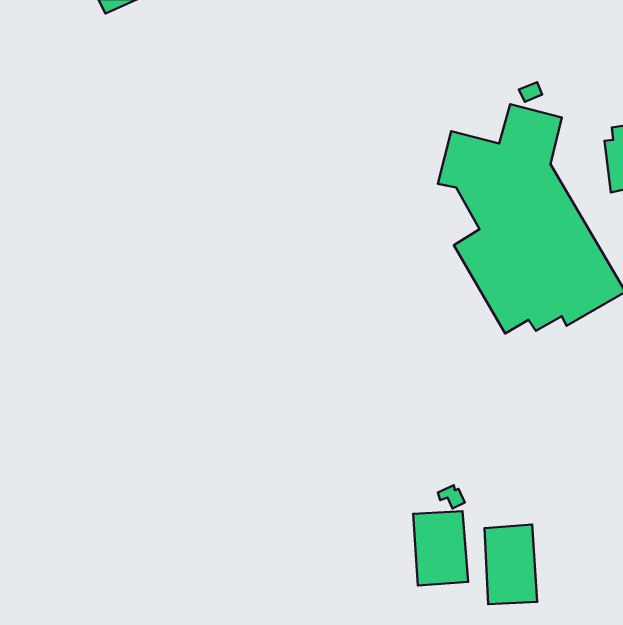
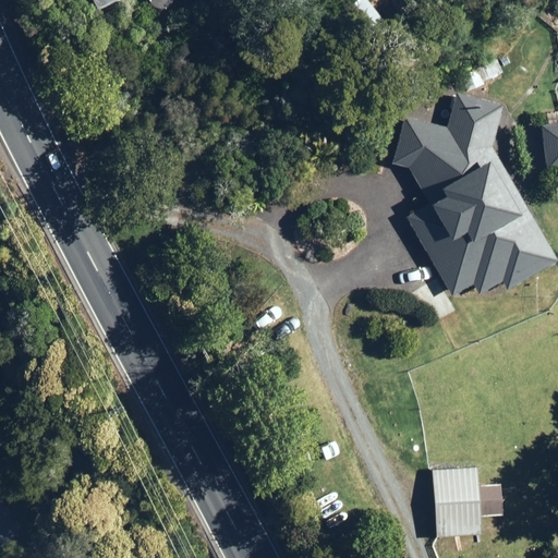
building: [413,511,468,586] -> none

